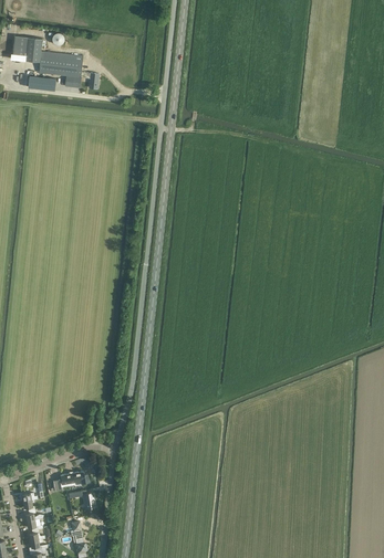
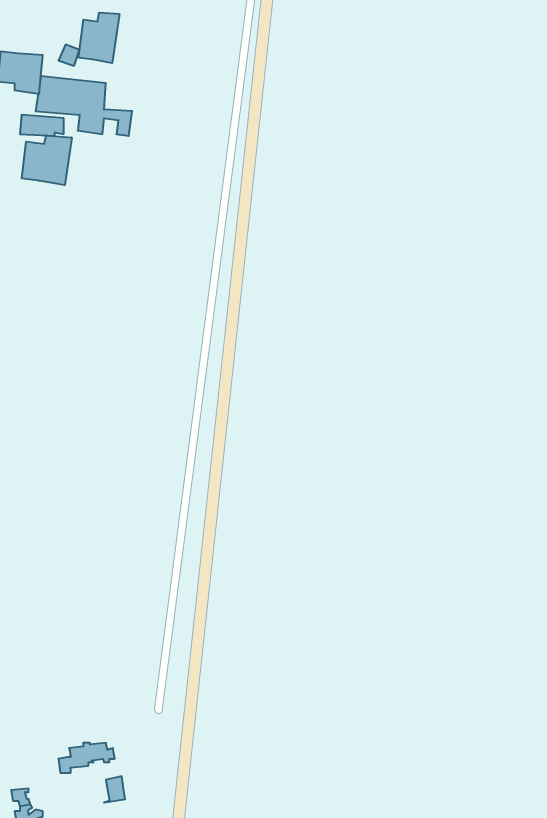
building: none -> [79,13,119,63]
building: none -> [22,135,72,185]

